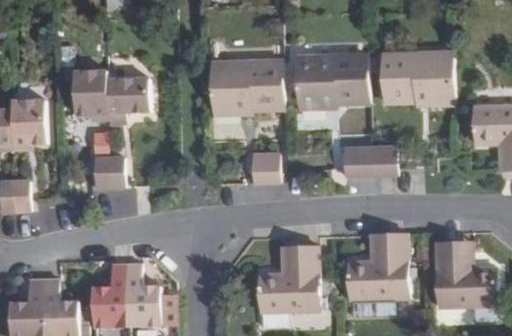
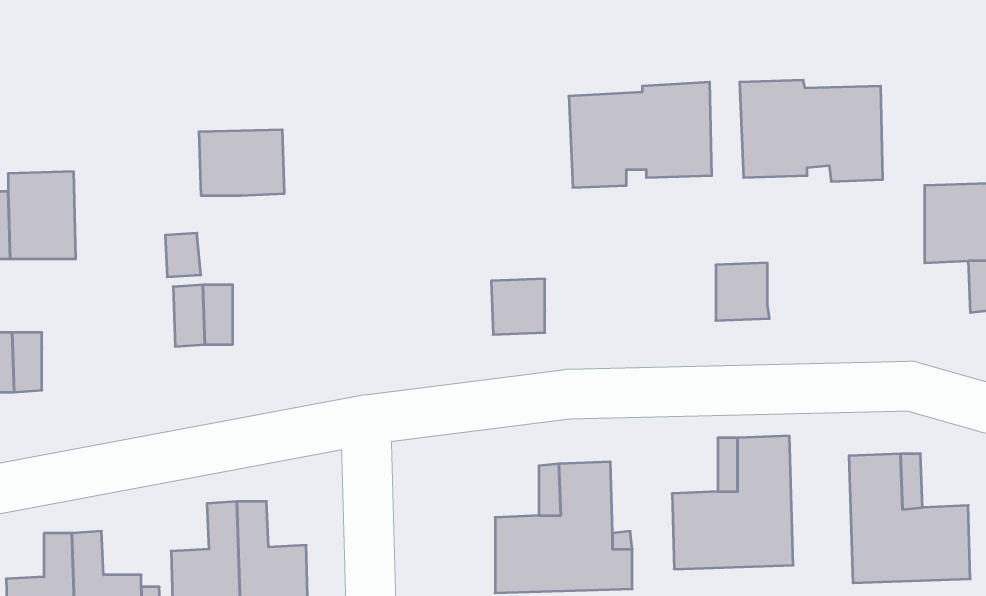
building: [209,61,280,113] -> none
building: [75,71,109,115] -> none
building: [341,147,368,177] -> none

